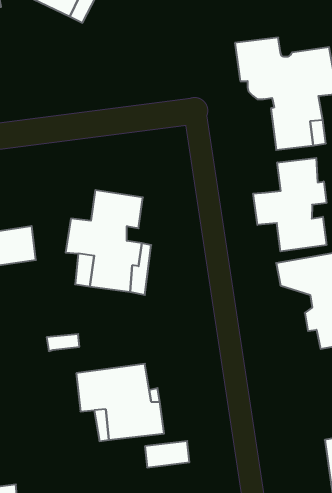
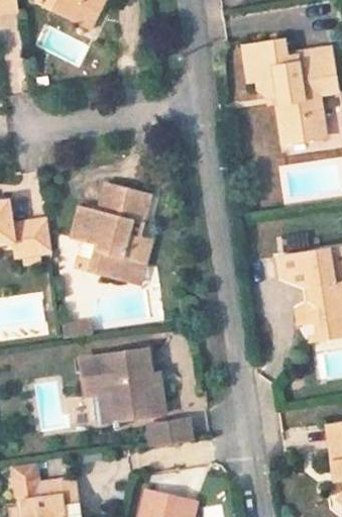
building: [253,158,326,251] -> none

